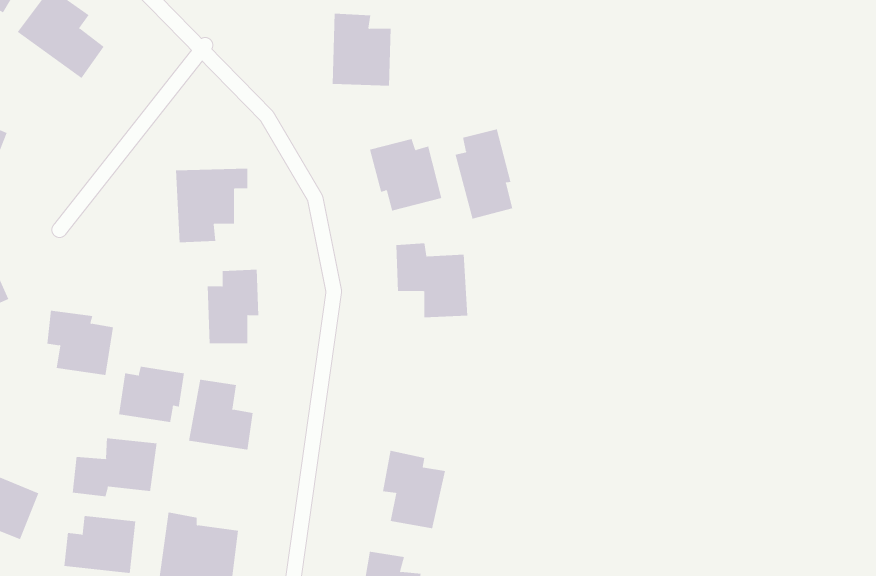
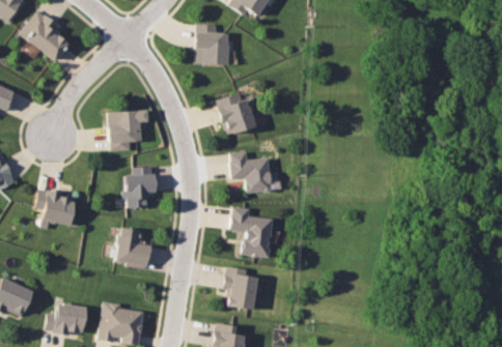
building: [455,128,513,220] -> none
building: none -> [230,206,273,257]
building: [119,366,185,423] -> none
building: [72,438,157,497] -> none

